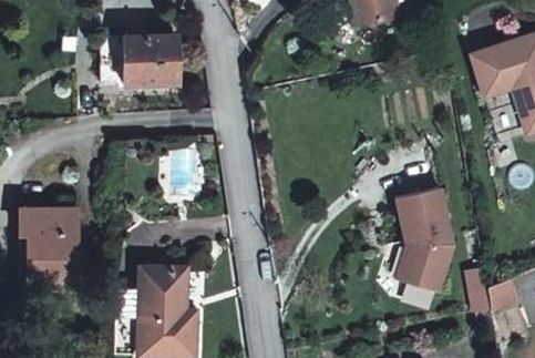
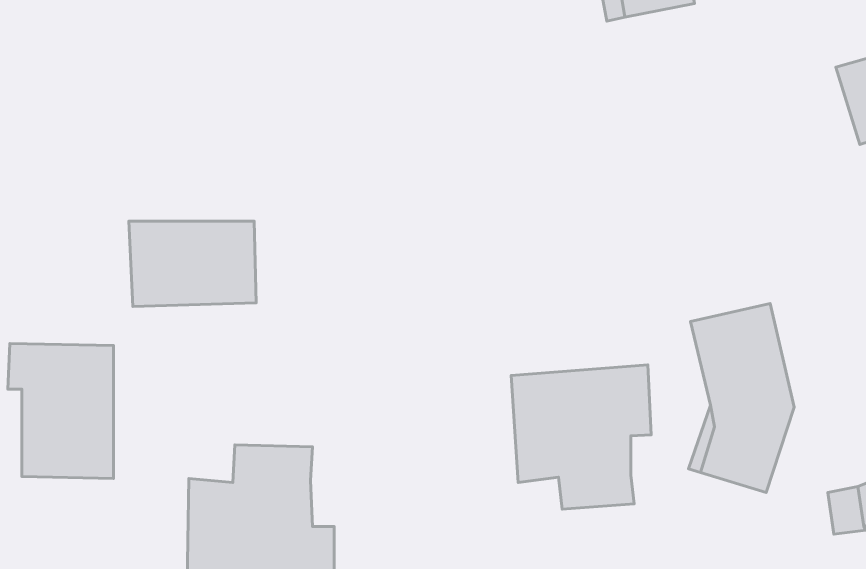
building: [103,38,174,85] -> [129,221,256,307]
building: none -> [511,365,651,509]

